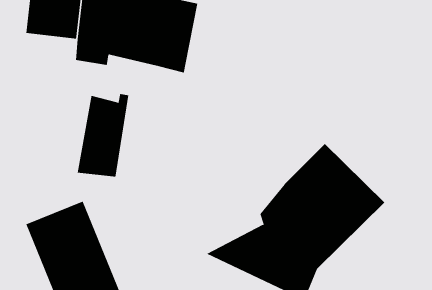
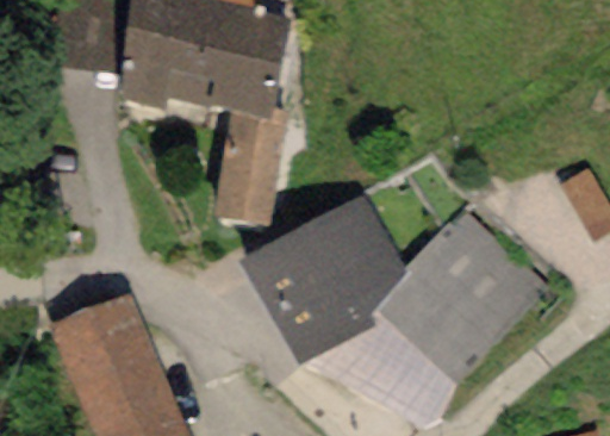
building: [77,94,129,177] -> [213,107,285,222]
building: none -> [242,194,405,366]

